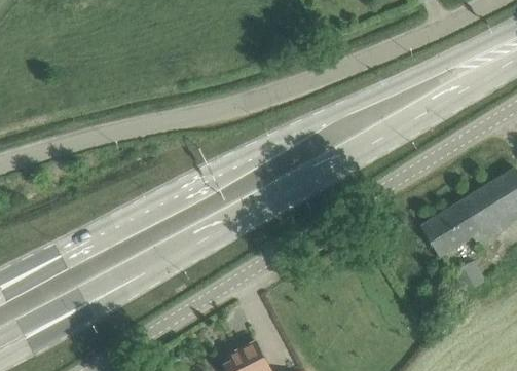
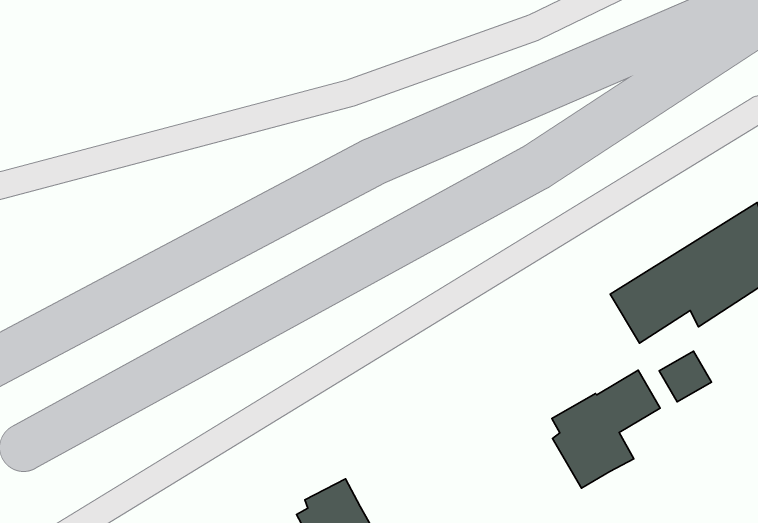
building: none -> [552,370,660,488]

